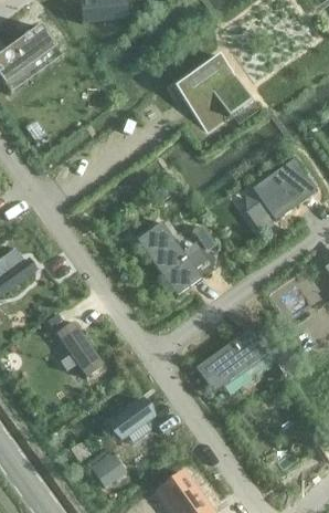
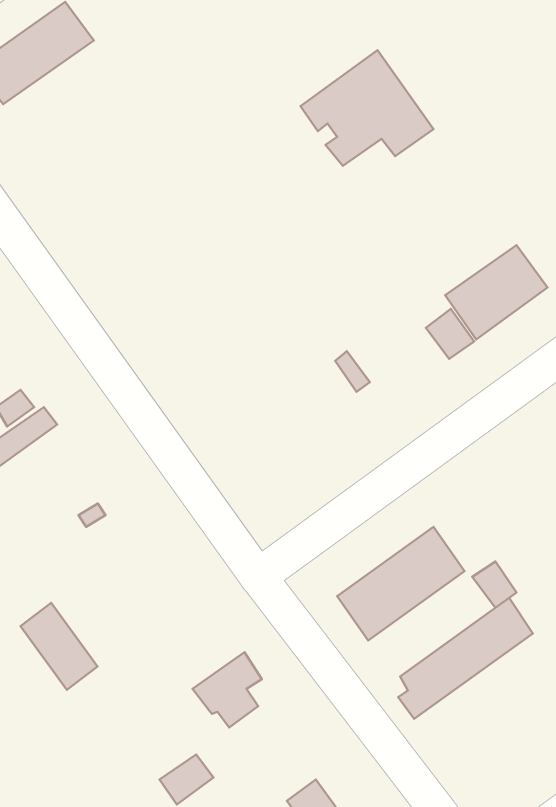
building: [137,220,206,294] -> none
building: [46,323,91,373] -> [20,603,98,690]
building: none -> [398,598,533,719]

